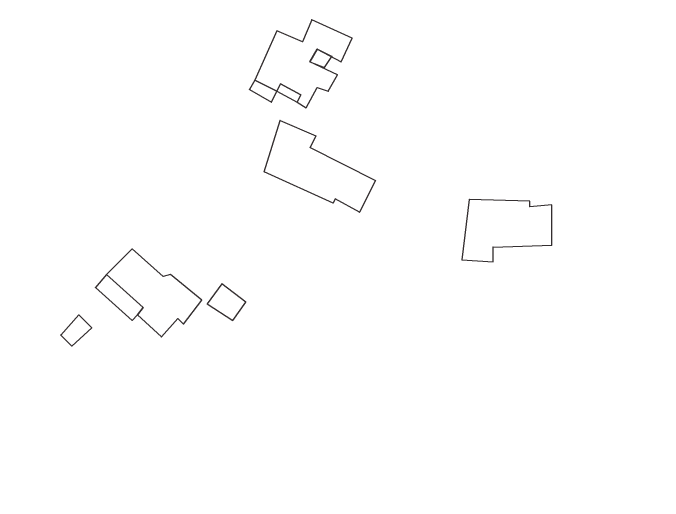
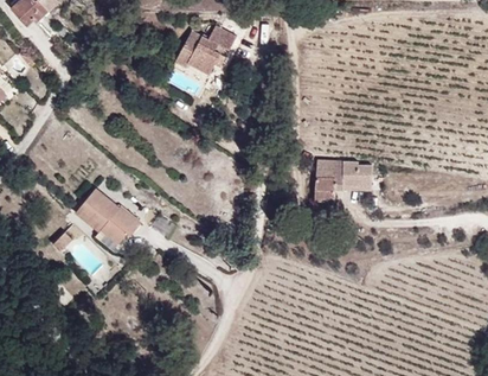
building: [264,120,375,212] -> none

